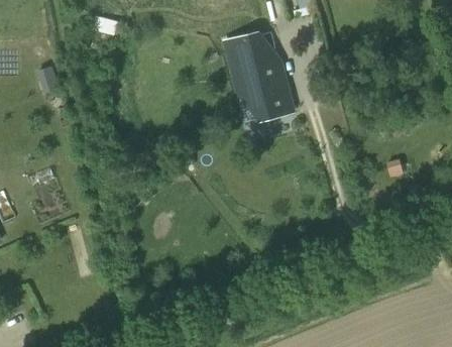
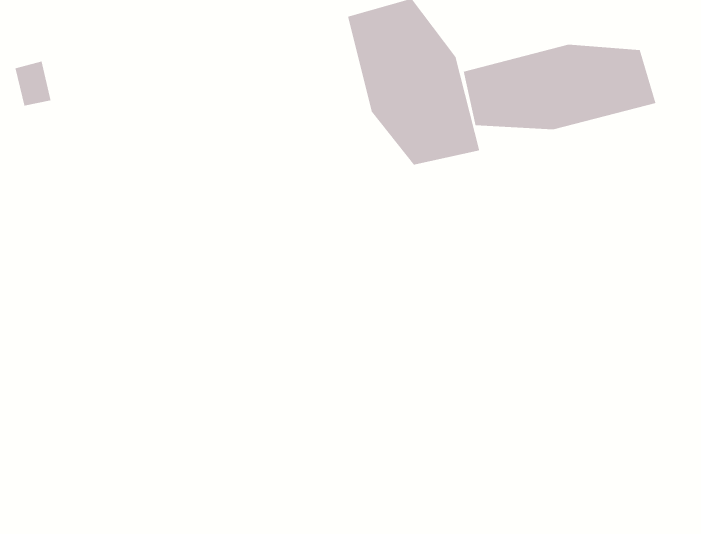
building: none -> [463,44,657,130]

